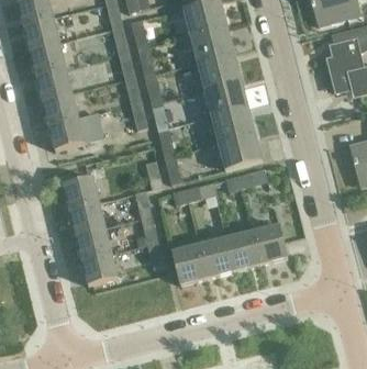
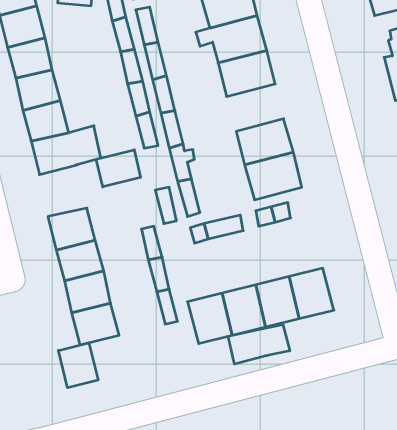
building: [202,79,247,116] -> none
building: none -> [96,150,141,187]
building: none -> [228,325,290,364]
building: none -> [58,343,98,388]

